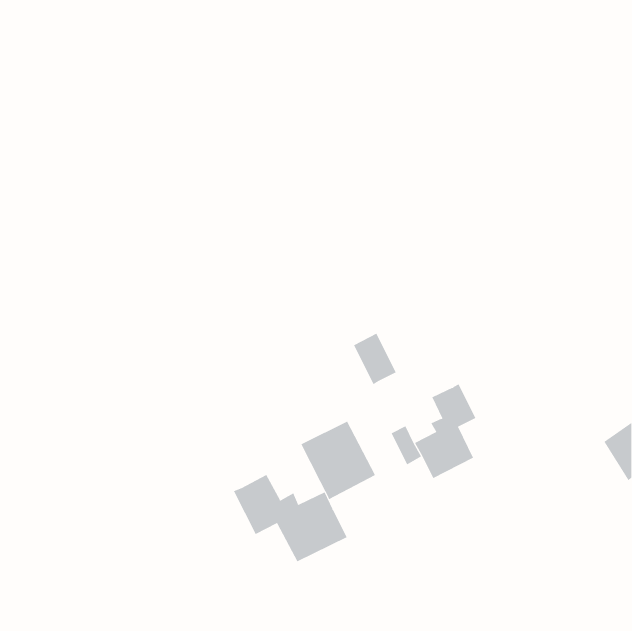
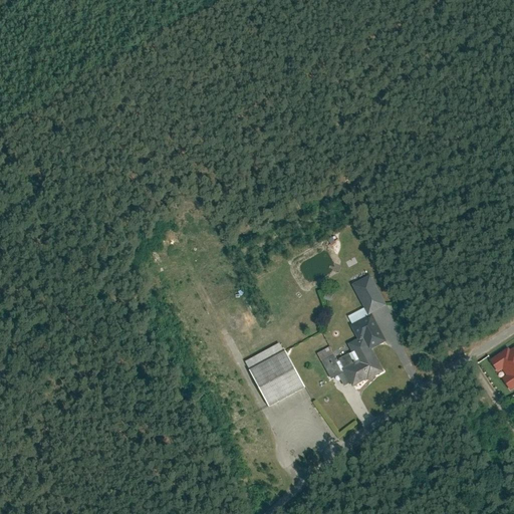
building: [353,333,397,385] -> [351,272,387,314]
building: [233,474,347,562] -> none

